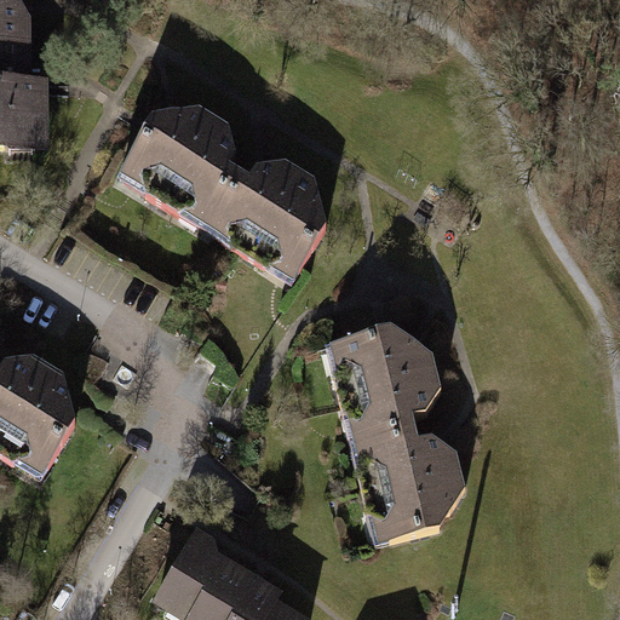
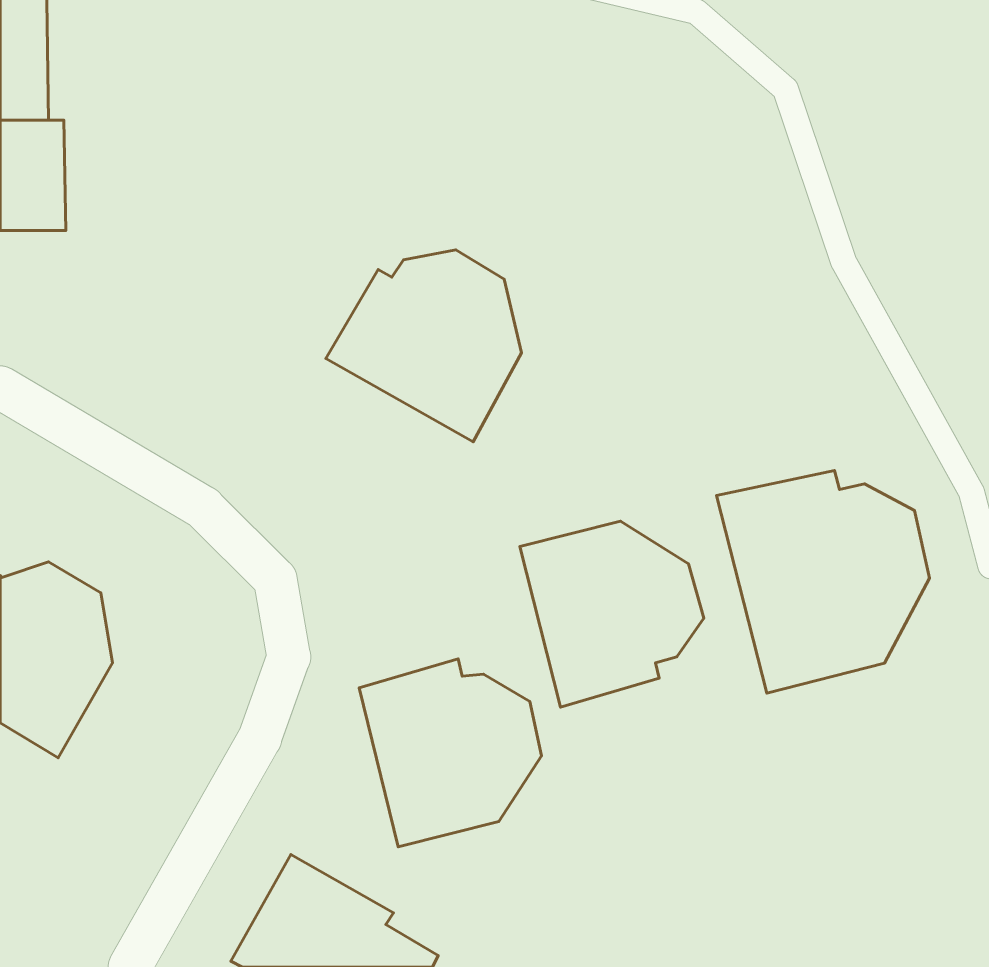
building: [113,105,237,224] -> none
building: none -> [717,471,930,693]
building: [351,424,465,541] -> [359,659,542,847]

